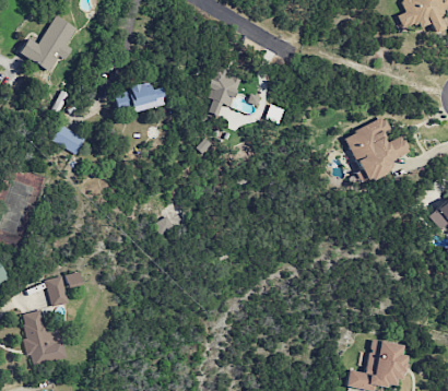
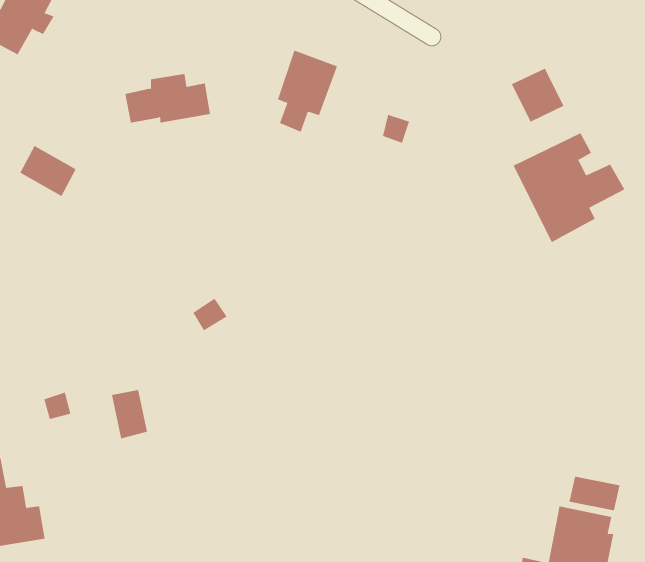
building: none -> [511,68,564,122]
building: [46,276,68,306] -> [111,389,148,439]
building: none -> [569,476,620,511]

